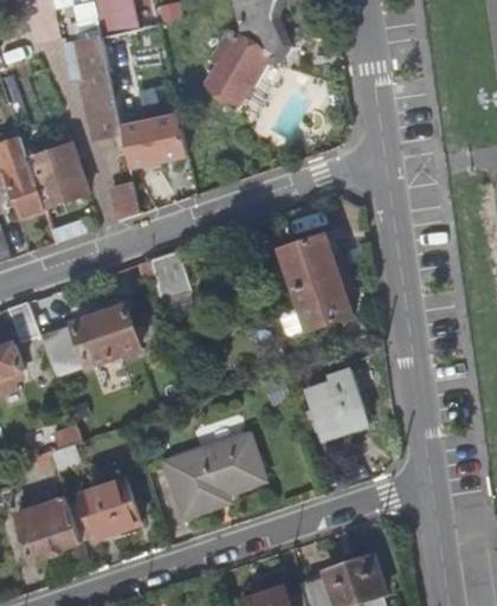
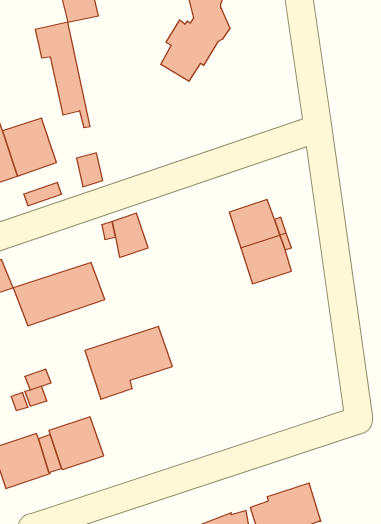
building: [120,112,185,172] -> none
building: [305,368,367,439] -> none
building: [164,434,263,516] -> [85,326,172,399]

